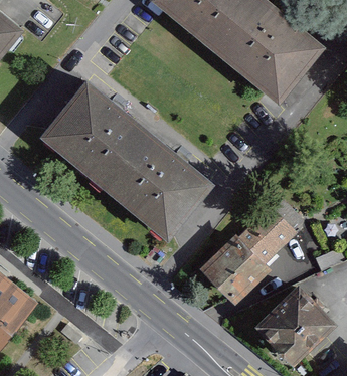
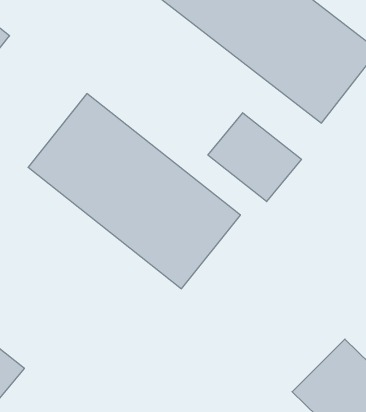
building: none -> [208,113,301,202]
building: [198,199,298,300] -> none

